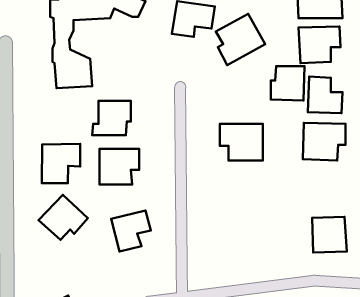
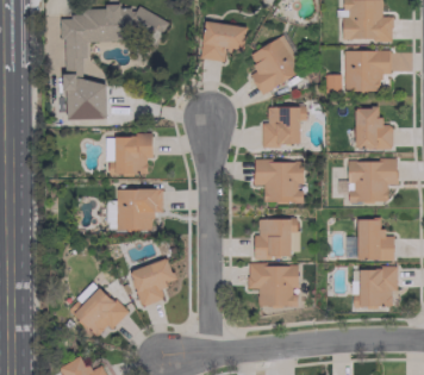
building: [271,66,304,101] -> [262,107,300,146]
building: [42,144,80,183] -> none
building: none -> [254,219,292,257]
building: none -> [356,219,394,261]
building: [39,195,88,240] -> [71,286,127,337]
building: none -> [248,264,298,306]

